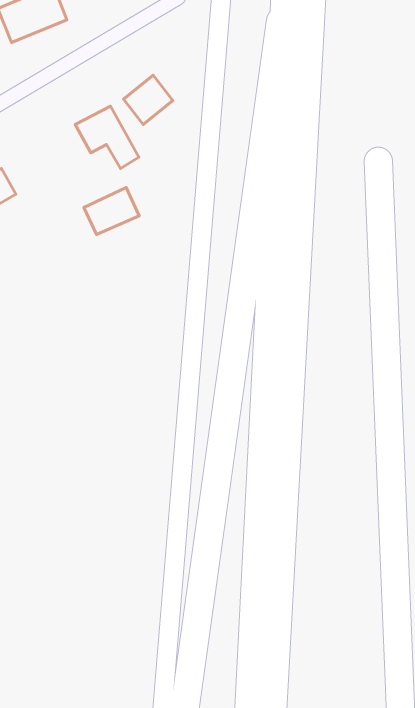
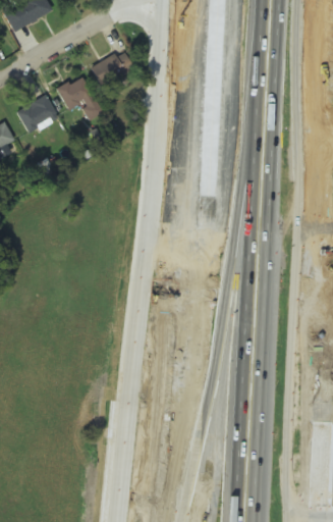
building: [84,188,139,234] -> [19,97,59,130]

